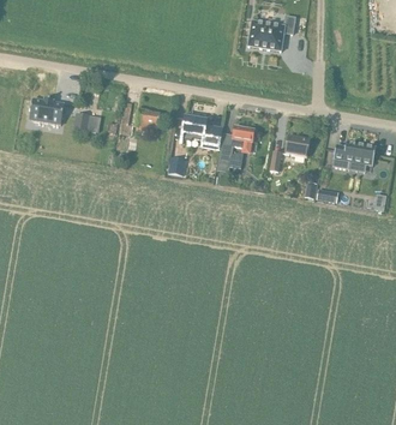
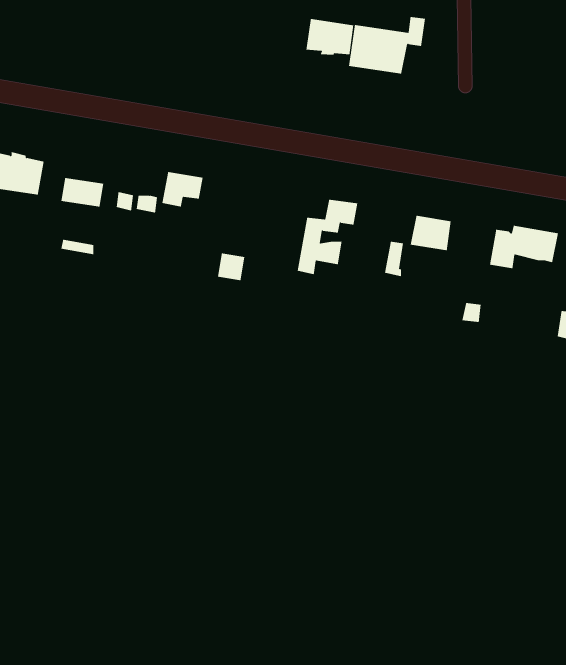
building: none -> [306,18,354,56]
building: [181,115,223,150] -> none

